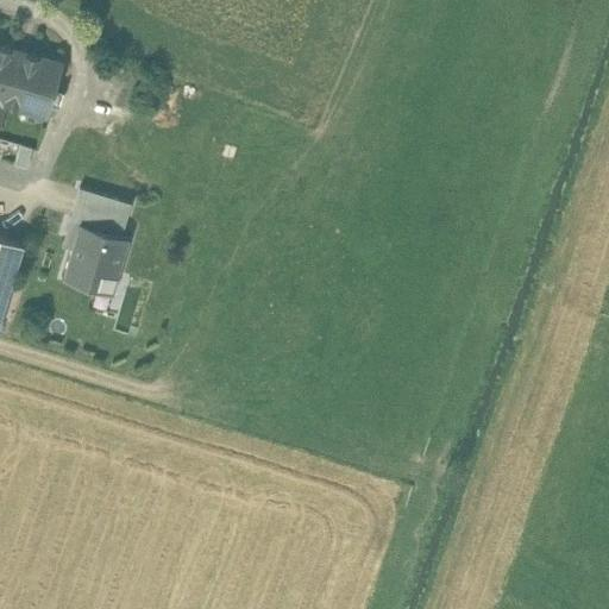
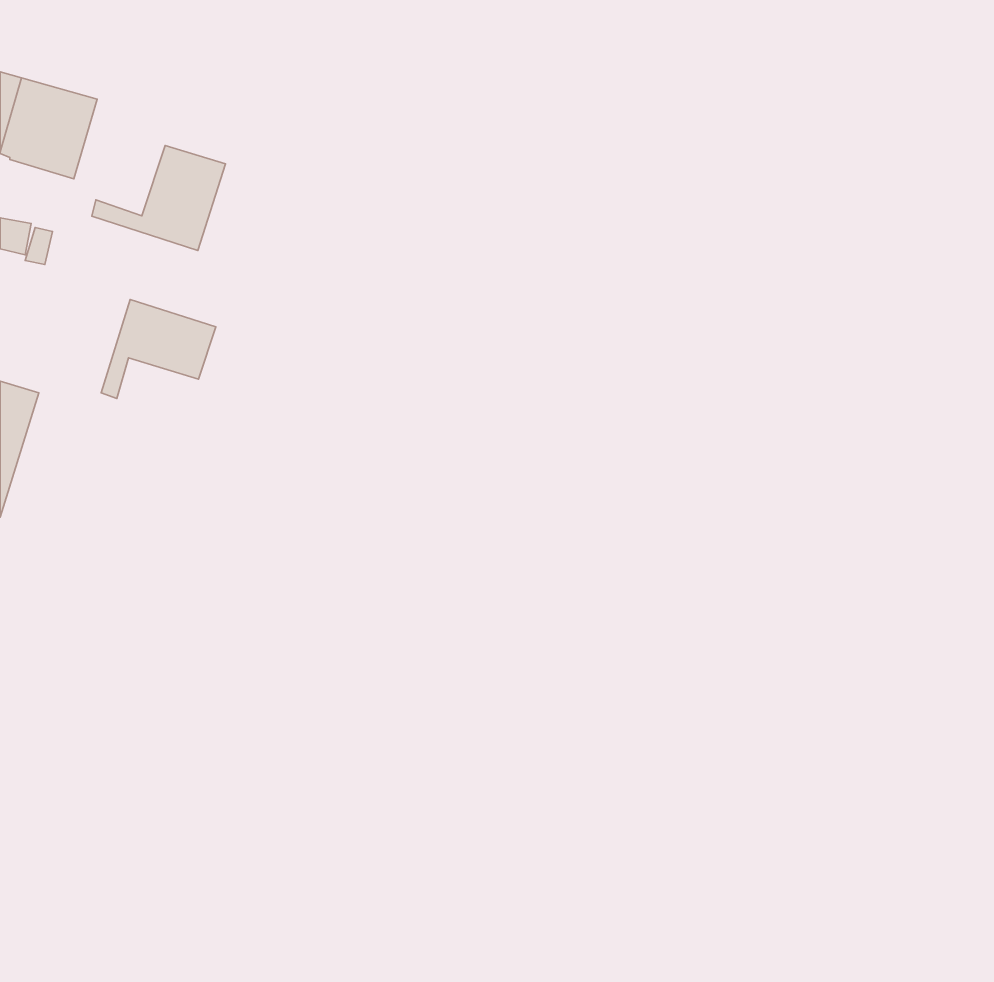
building: none -> [92,145,225,251]
building: [63,226,130,294] -> none

